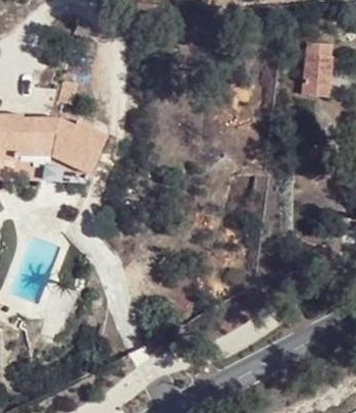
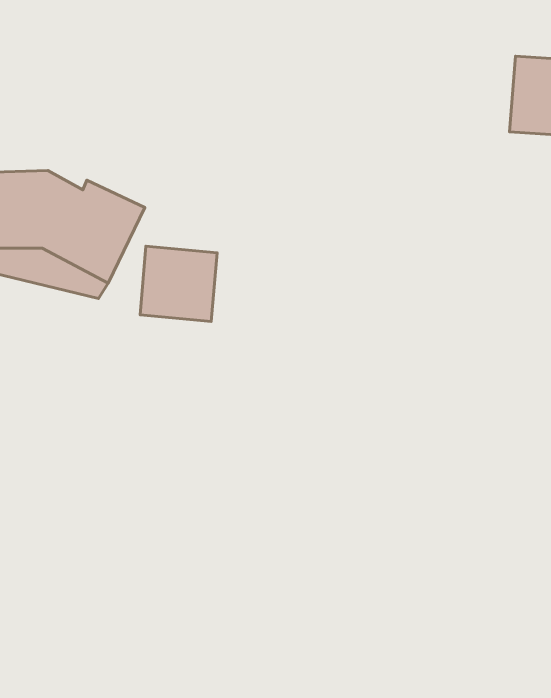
building: none -> [140,246,217,321]

